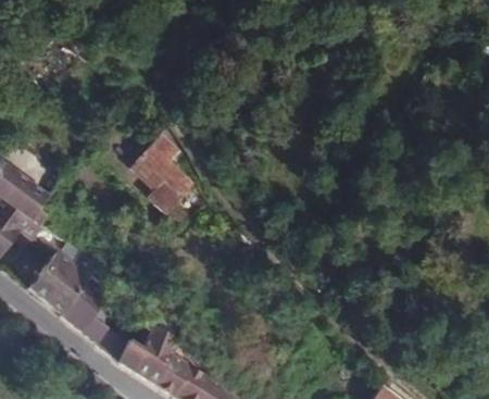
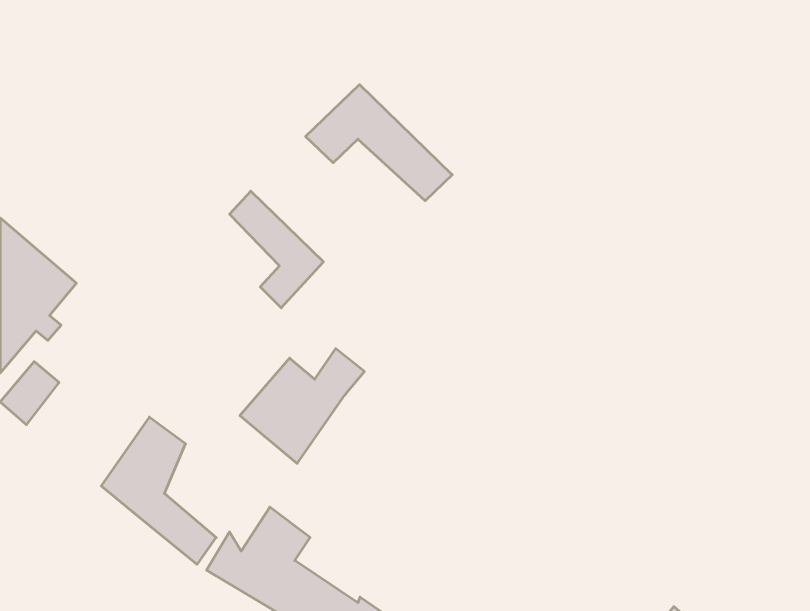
building: none -> [306,85,452,201]
building: [27,248,98,313] -> [240,349,364,463]

